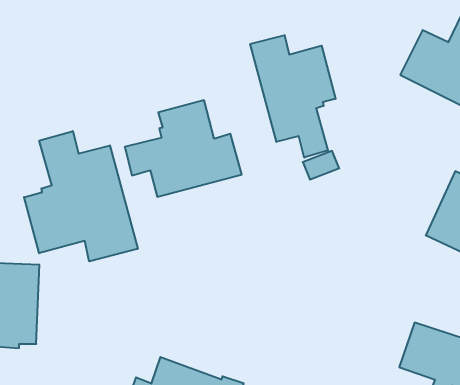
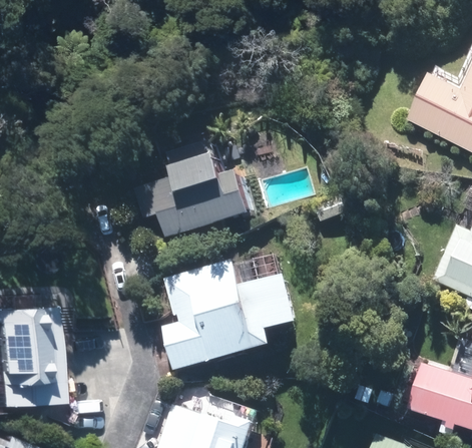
building: [250,35,336,158] -> none
building: [24,131,138,261] -> none
building: none -> [163,261,295,370]

